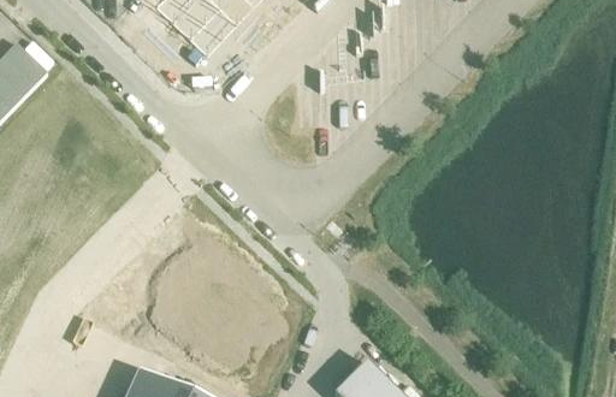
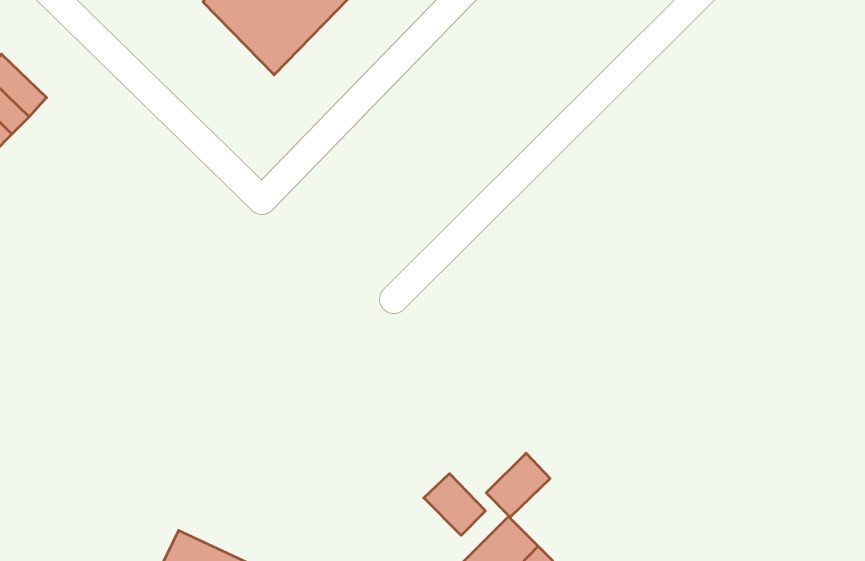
building: none -> [486,453,550,517]
building: none -> [424,474,485,535]

